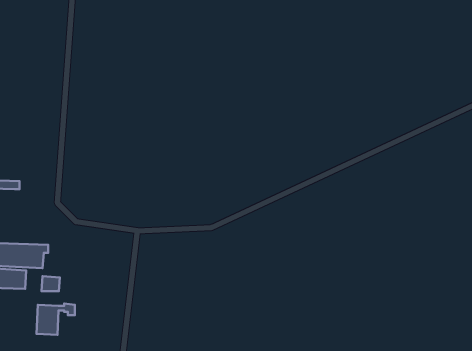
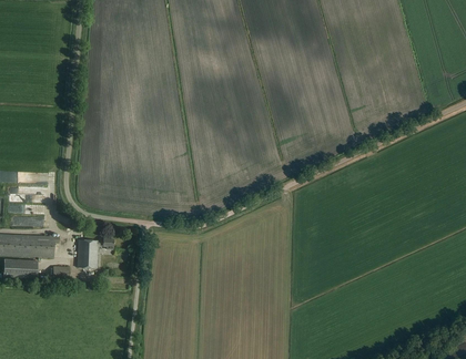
building: [37,304,75,335] -> [77,238,113,268]

